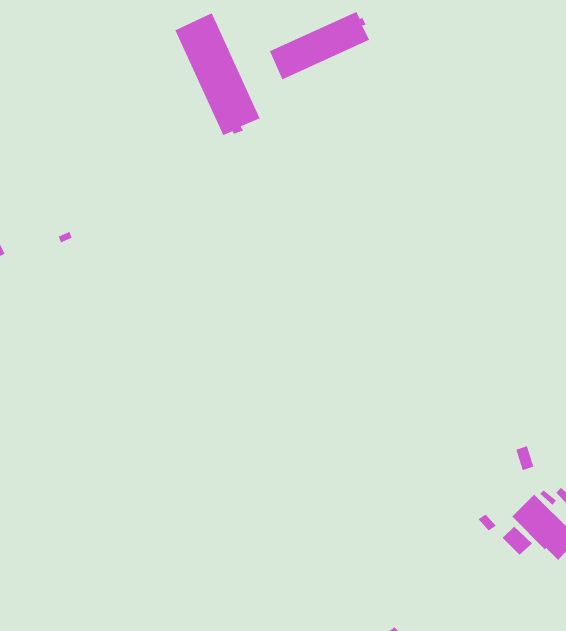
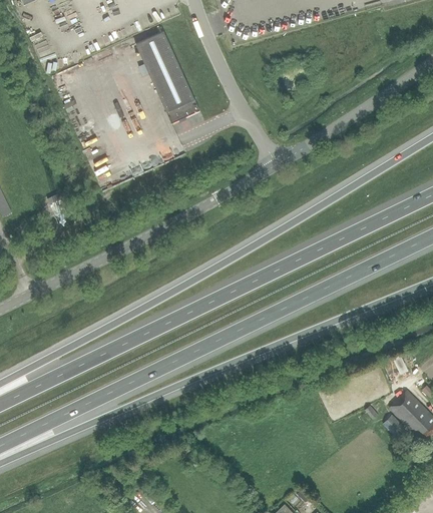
building: [269,11,370,80] -> none

